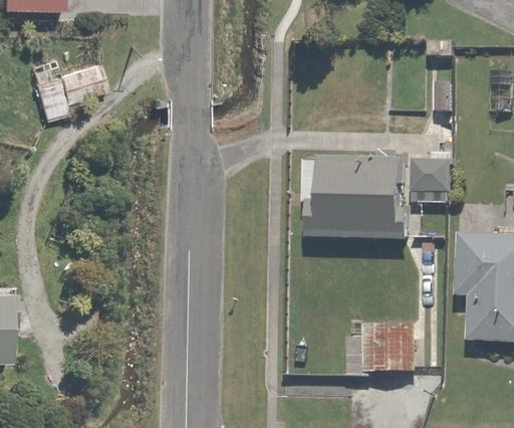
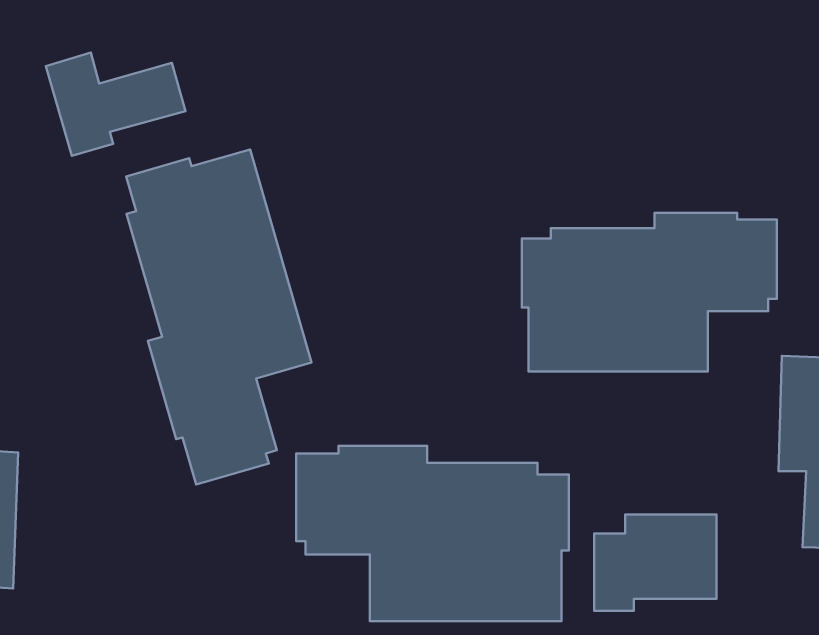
building: none -> [126,149,312,485]
building: none -> [296,446,569,621]

